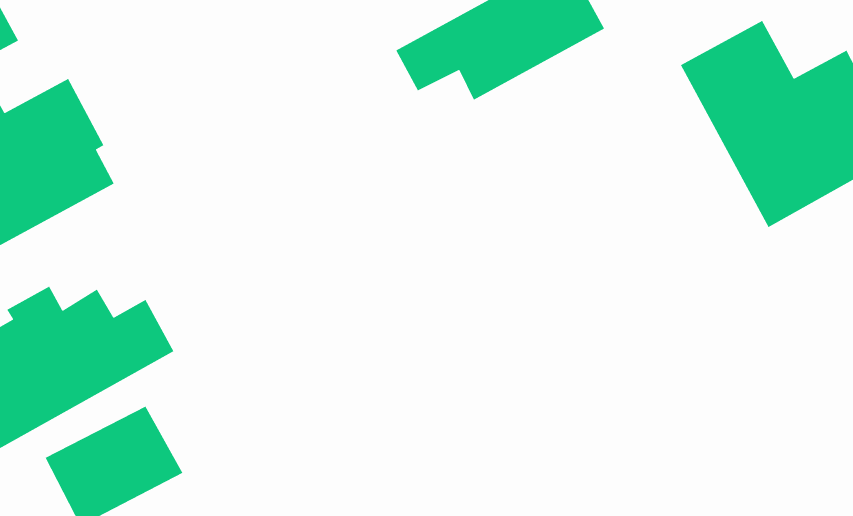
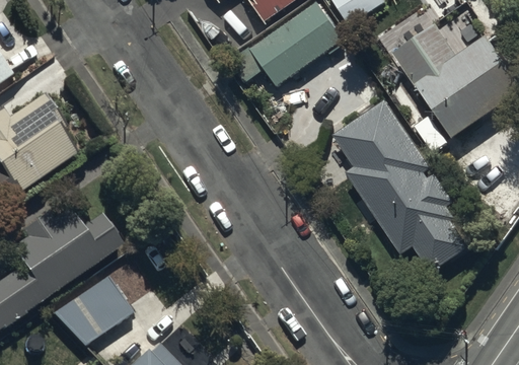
building: none -> [332,98,468,273]

